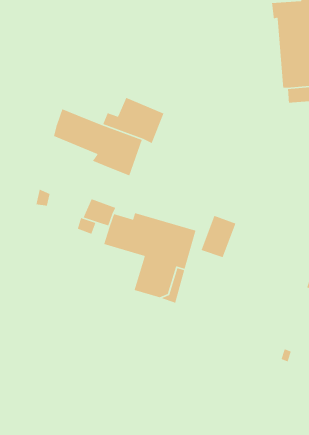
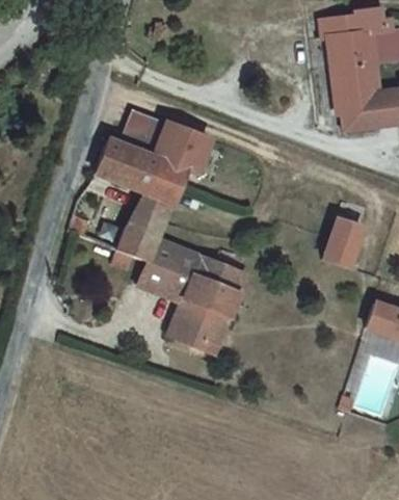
building: none -> [121,109,165,151]
building: none -> [127,196,169,242]
building: [201,215,236,258] -> [321,221,361,269]

